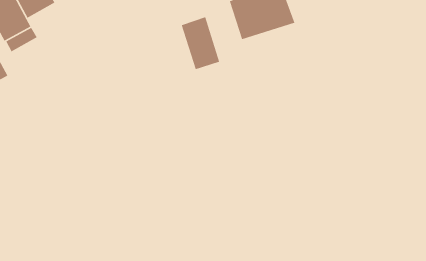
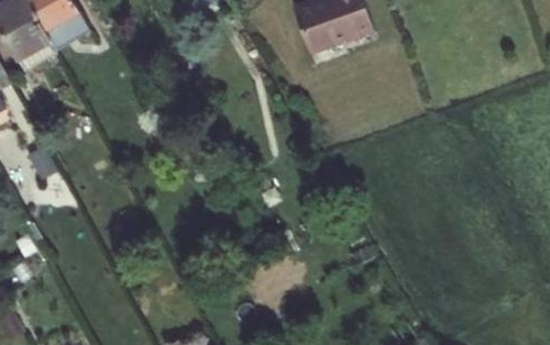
building: [181,16,220,70] -> none

